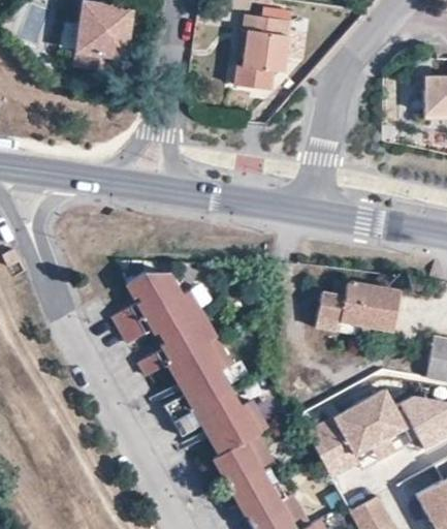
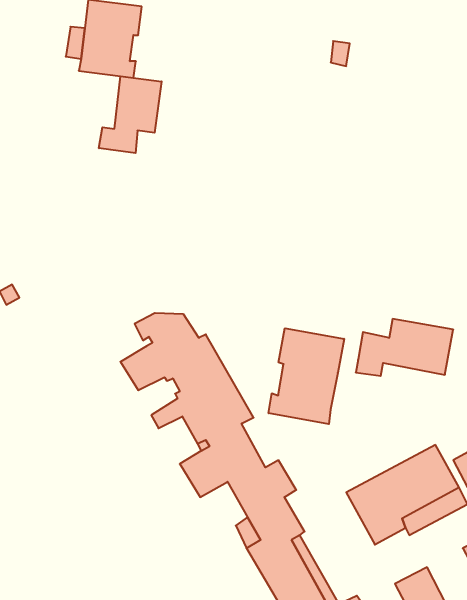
building: [237,13,291,94] -> none
building: none -> [99,76,162,153]
building: none -> [269,328,344,424]

